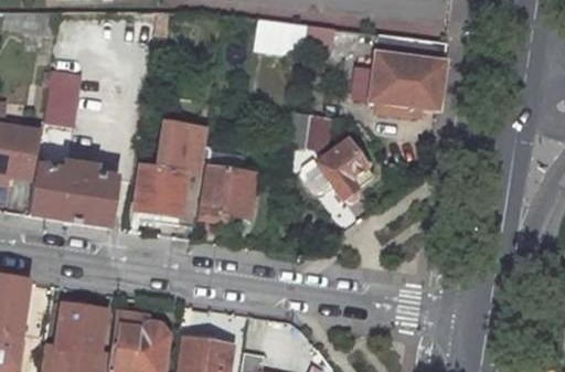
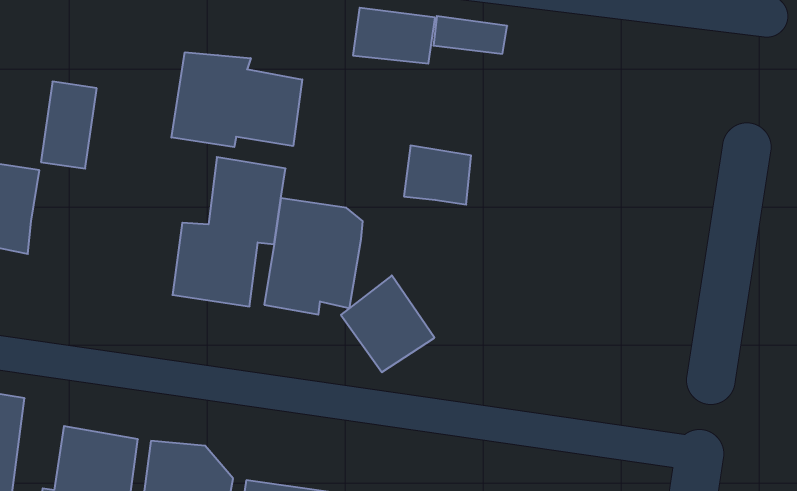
building: [367,34,450,111] -> none
building: none -> [171,52,302,147]
building: [315,136,377,201] -> [341,275,434,372]
building: [29,159,121,231] -> none

